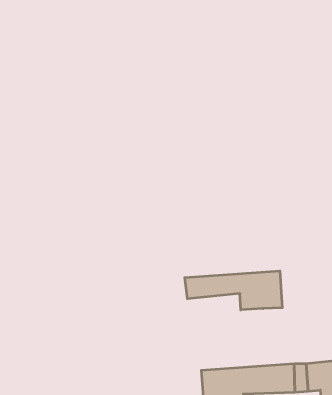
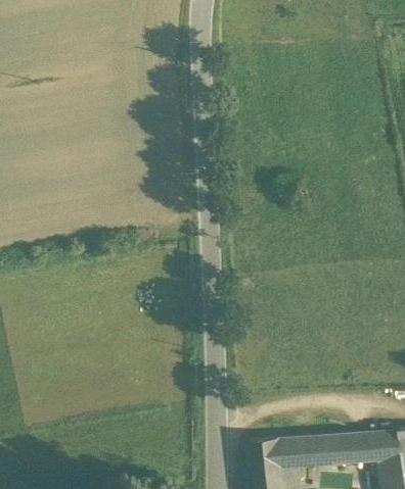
building: [185,271,282,310] -> none

